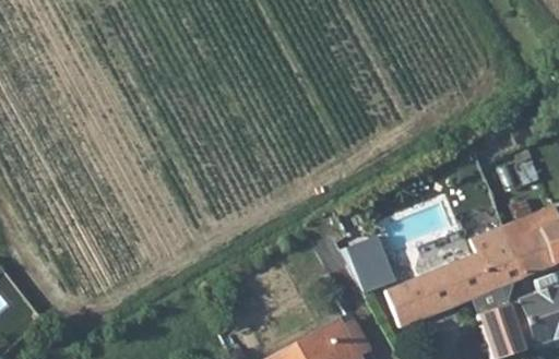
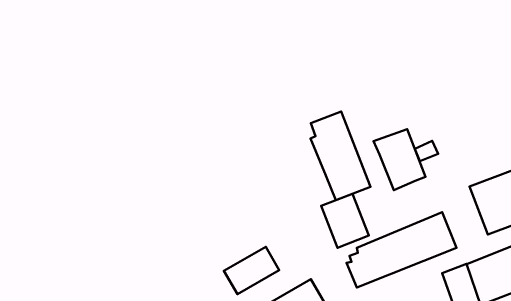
building: none -> [311,112,371,200]
building: [472,225,527,290] -> [374,129,425,190]
building: none -> [224,247,279,294]

